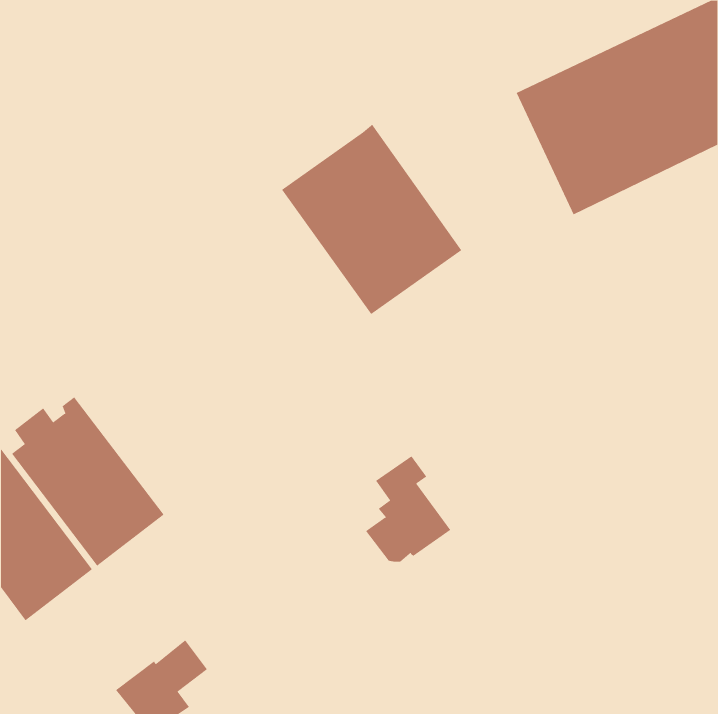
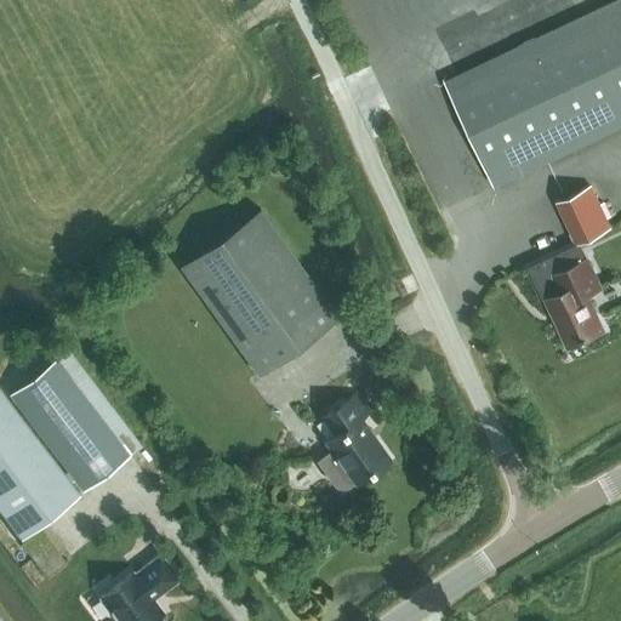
building: [281,124,462,315] -> [181,211,337,376]
building: none -> [556,187,611,246]
building: none -> [548,261,603,347]

